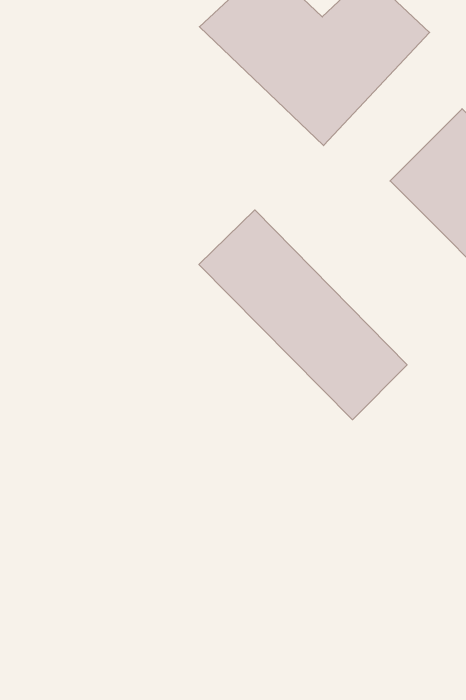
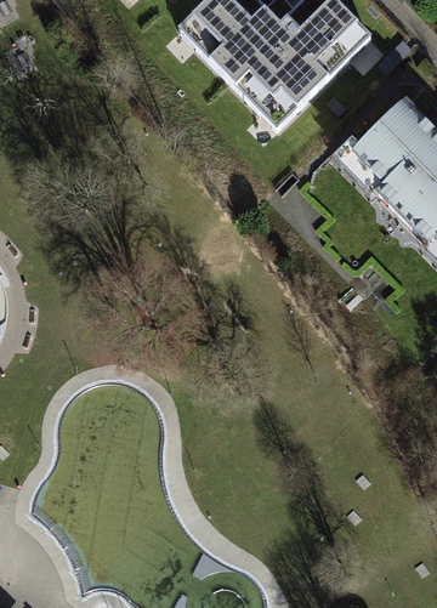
building: [199,210,407,420] -> none

